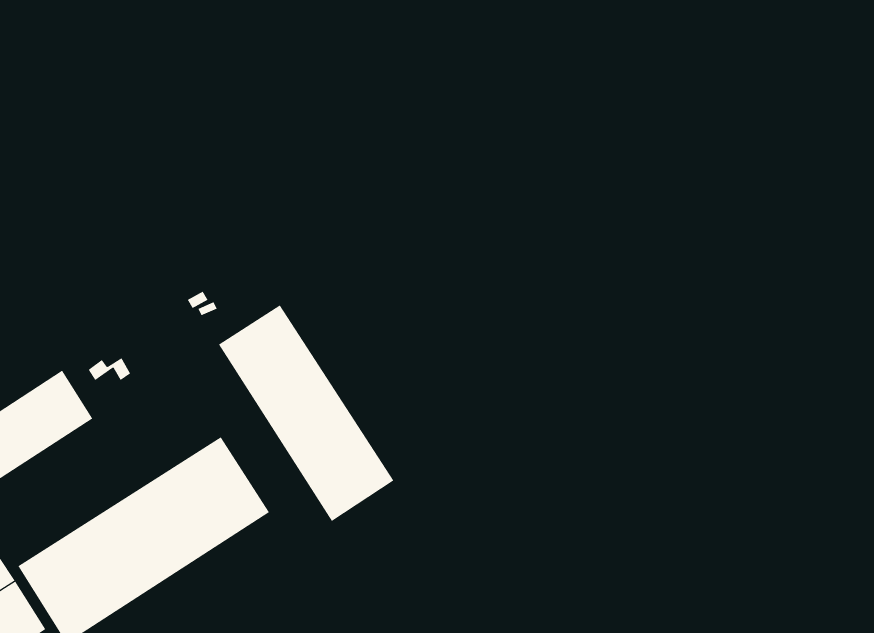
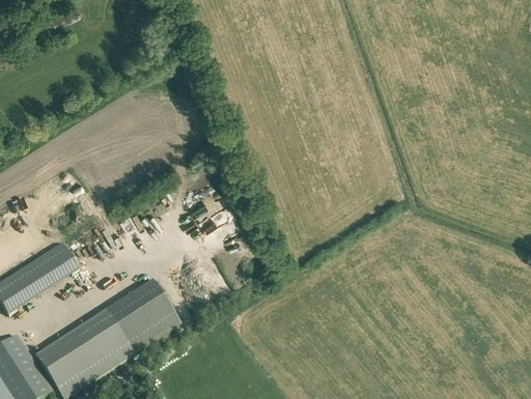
building: [218,305,394,522] -> none

